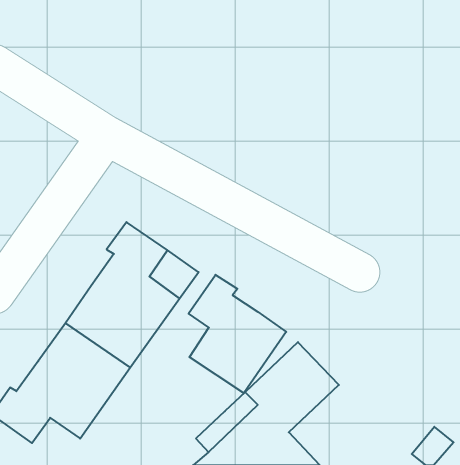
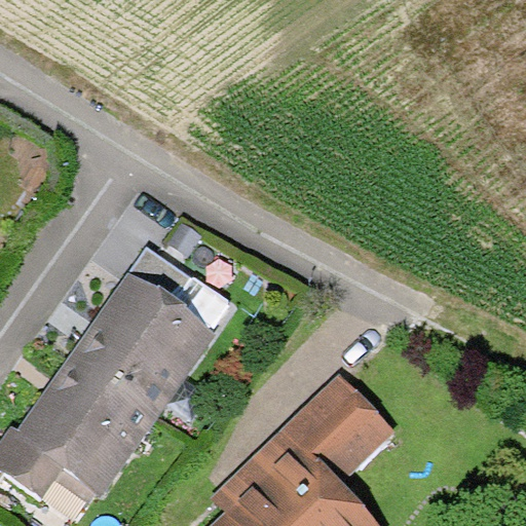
building: [189,275,286,393] -> none

